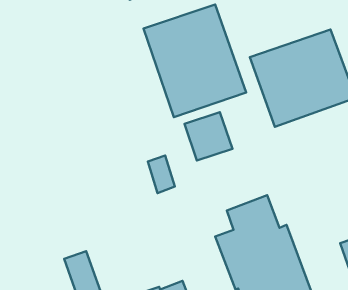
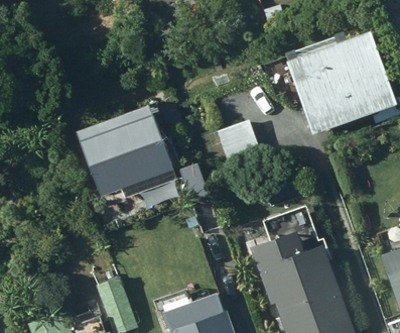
building: [143,5,246,117] -> none
building: none -> [75,104,176,198]

